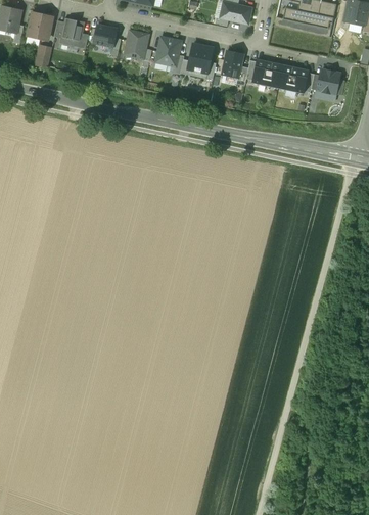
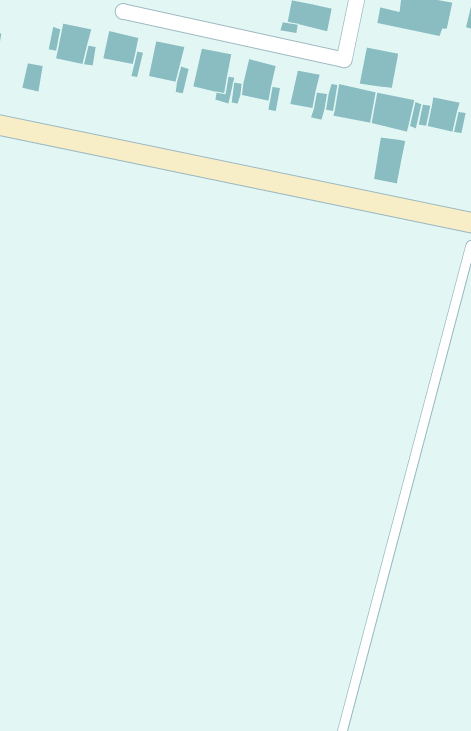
building: [27,13,51,39] -> none
building: none -> [359,47,399,89]
building: none -> [373,137,406,184]

